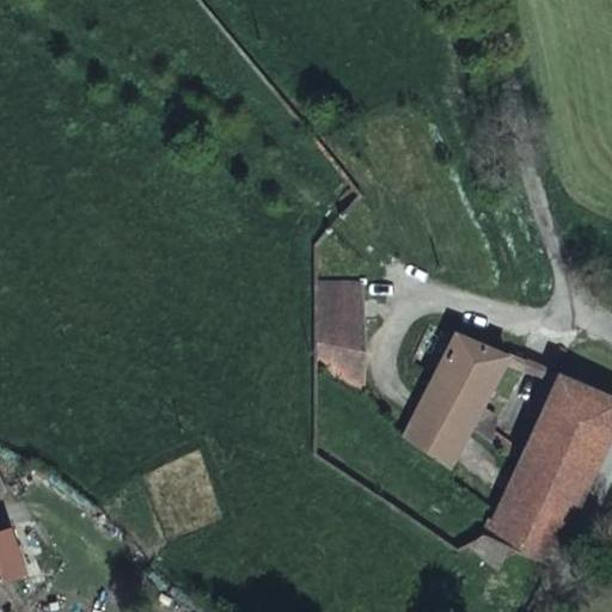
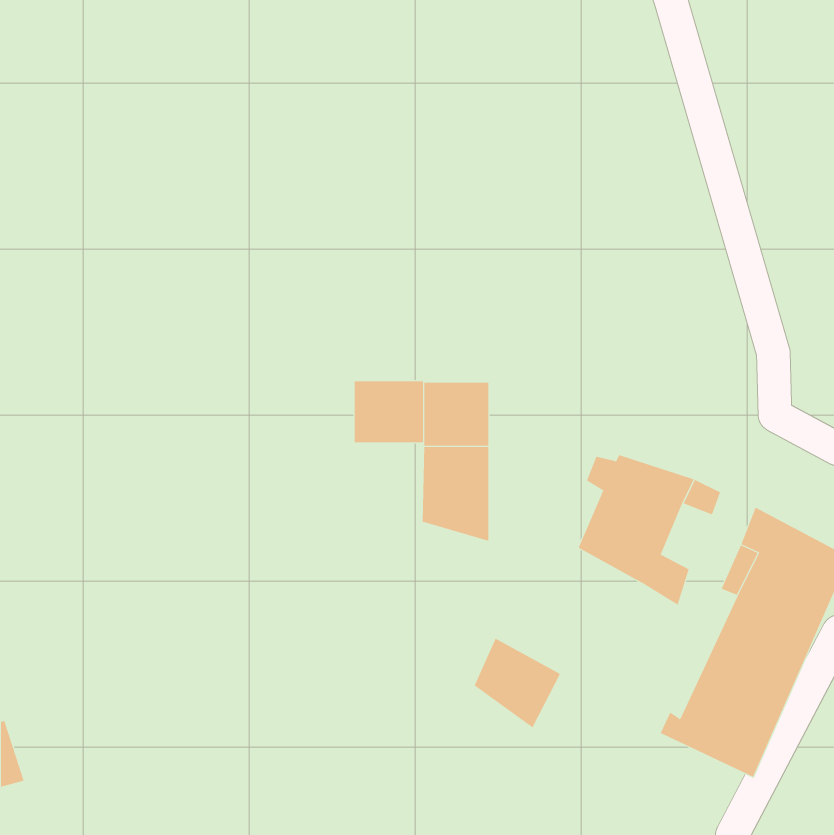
building: none -> [354,381,424,443]
building: [409,399,472,465] -> [474,638,561,728]

